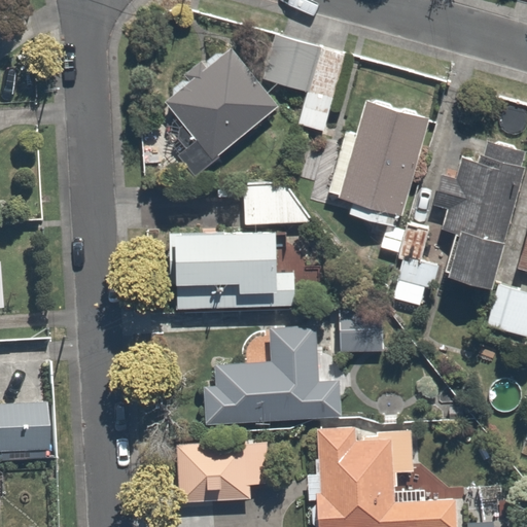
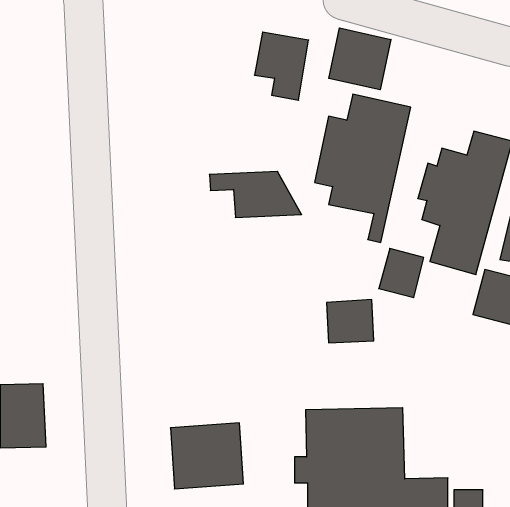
building: none -> [329,28,391,90]
building: [164,49,280,173] -> none
building: [173,232,296,311] -> none
building: [200,327,342,421] -> none

